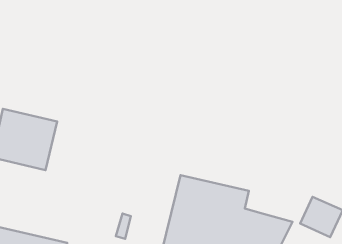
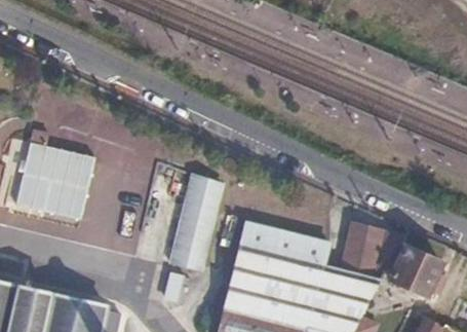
building: none -> [170,171,221,267]
building: none -> [342,222,404,280]

